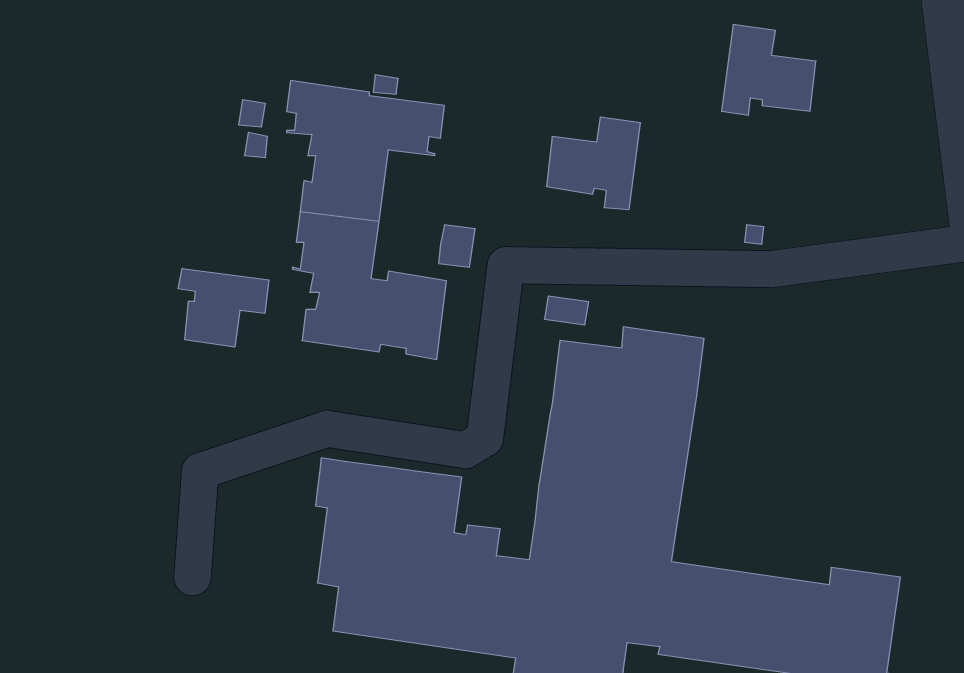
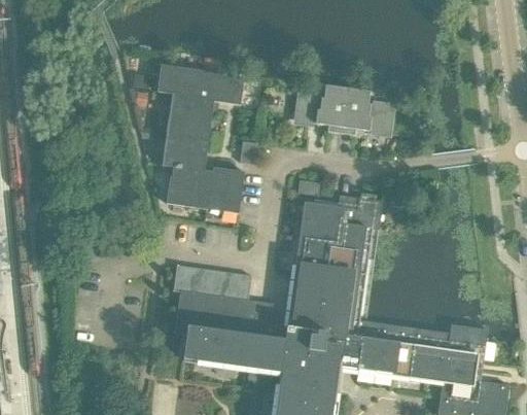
building: [722,25,816,115] -> [341,87,391,135]
building: [178,268,269,347] -> none

